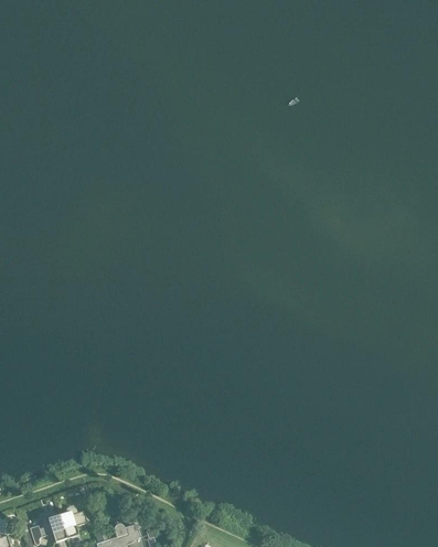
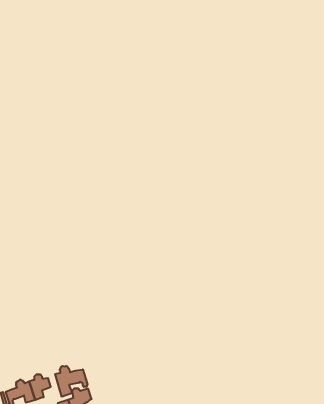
building: none -> [55,366,88,397]

